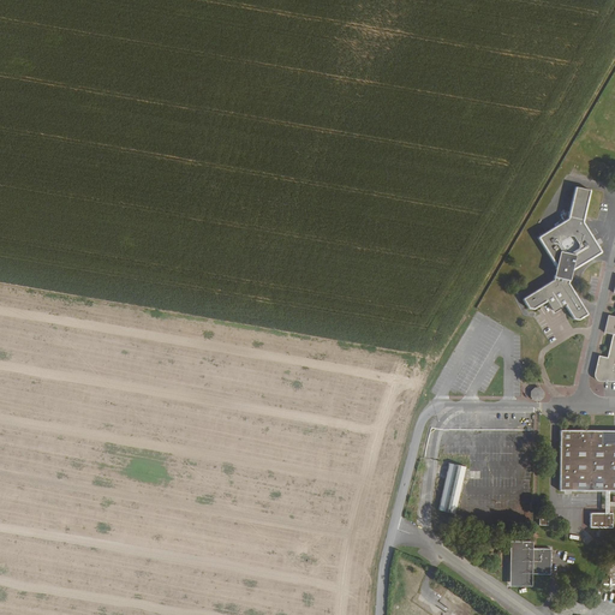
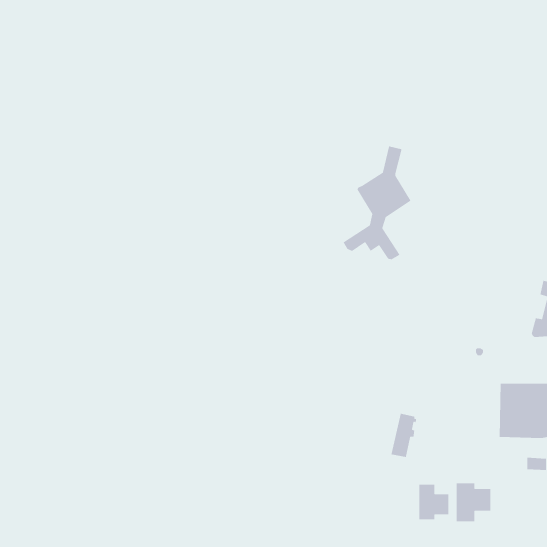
building: [524,189,601,317] -> [342,145,411,260]
building: none -> [418,484,449,520]

